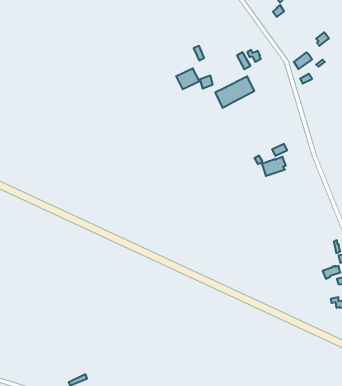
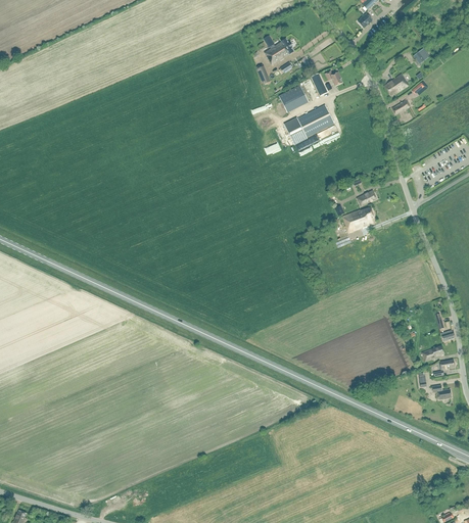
building: none -> [264,37,293,64]
building: [176,68,199,89] -> [279,86,309,112]

